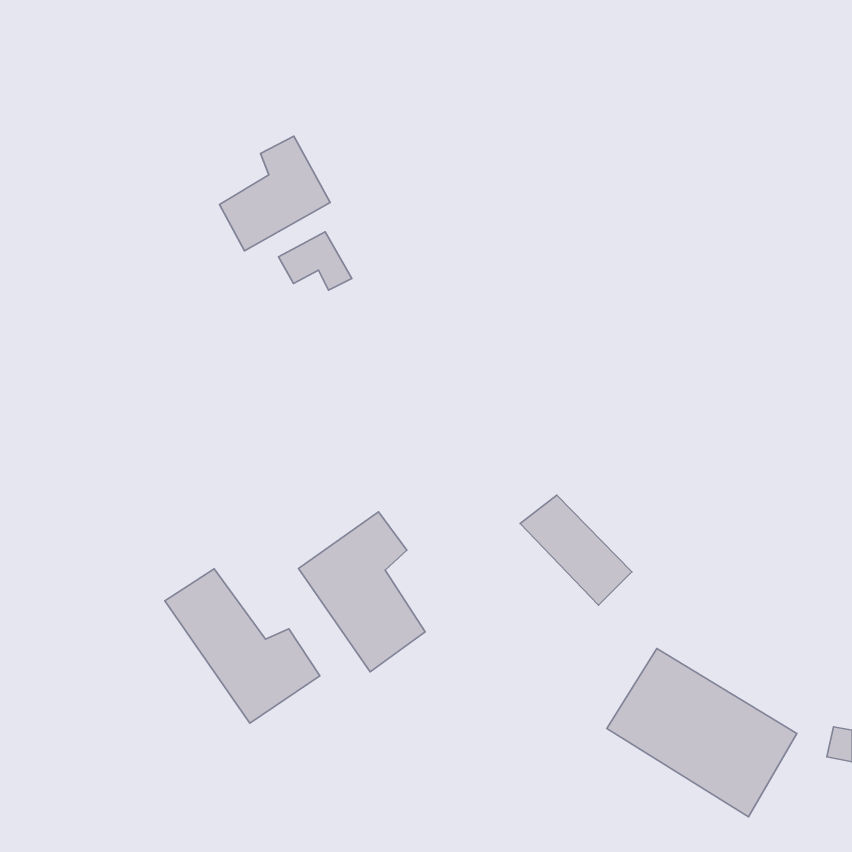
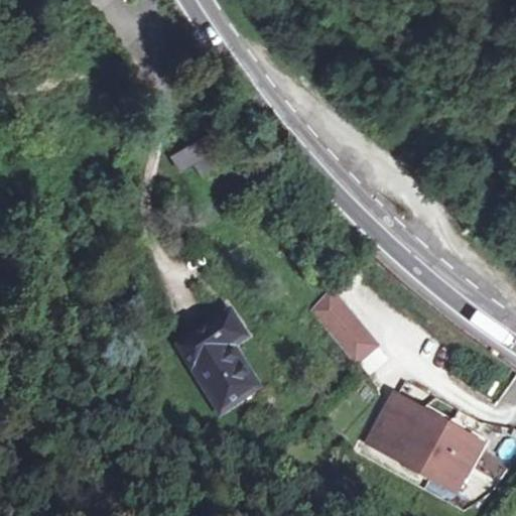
building: [220,136,330,251] -> none
building: [165,569,320,723] -> none

